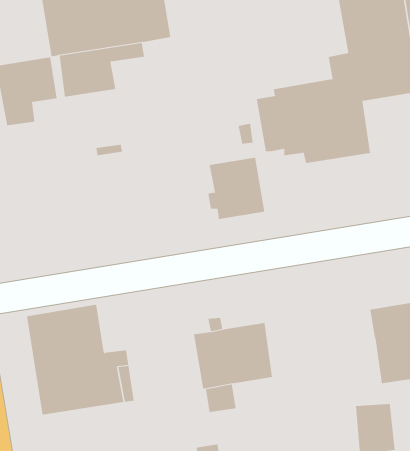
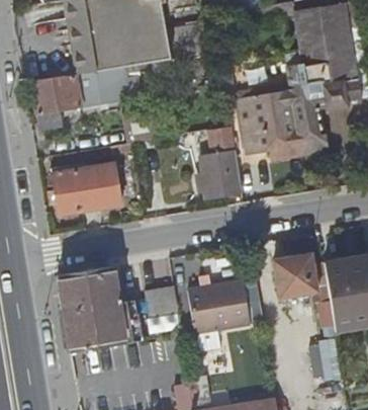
building: none -> [52,161,119,212]
building: none -> [274,255,326,300]
building: none -> [144,283,177,315]

